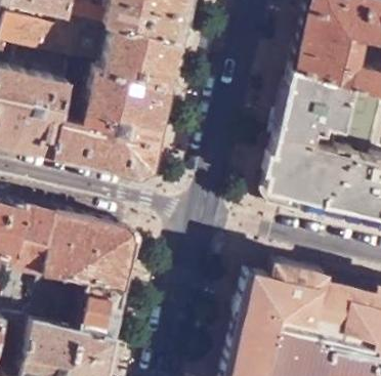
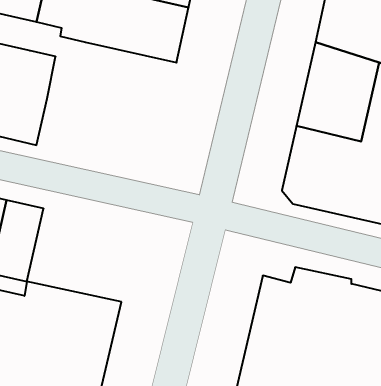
building: [51,71,171,179] -> none
building: [43,213,135,293] -> none

